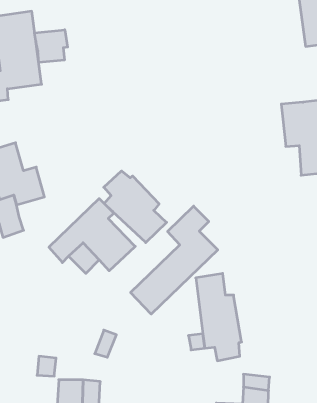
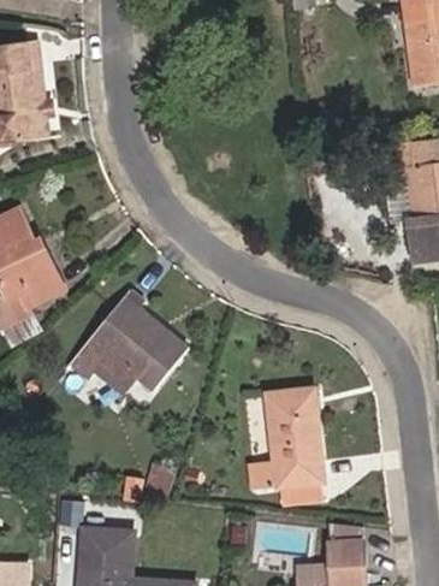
building: [35,30,68,63] -> none
building: [104,171,167,243] -> none
building: [131,206,218,314] -> none

